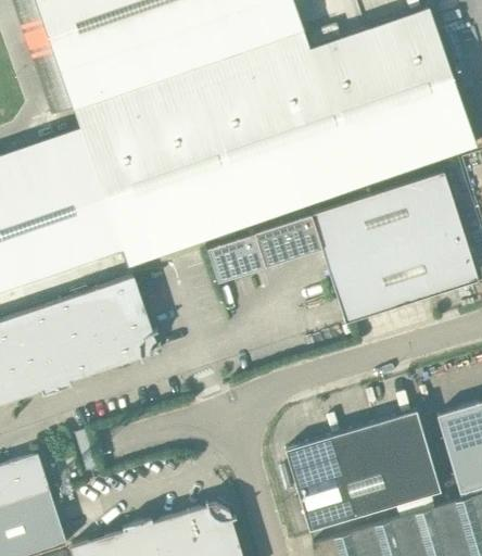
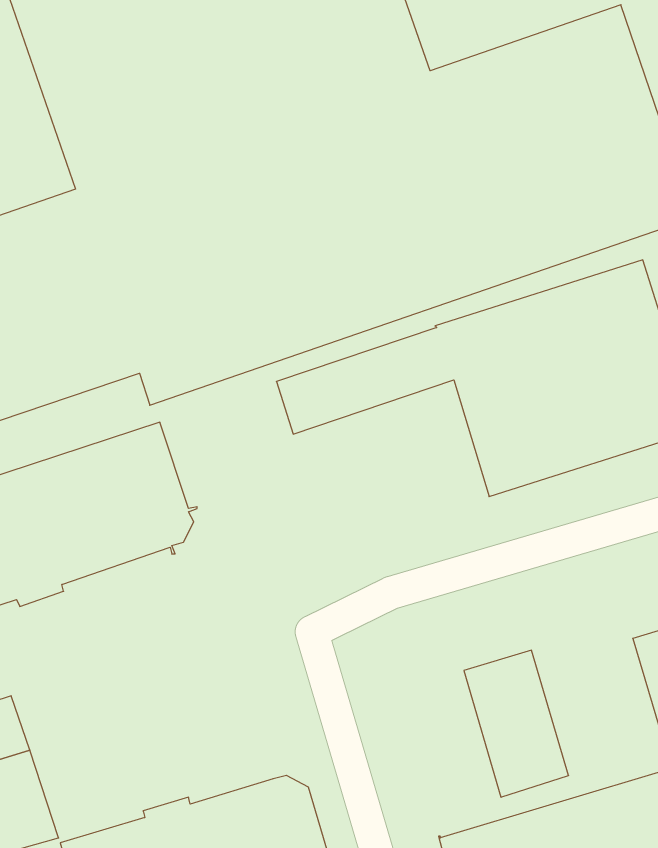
building: [372,410,441,504] -> none
building: [284,437,353,531] -> none

